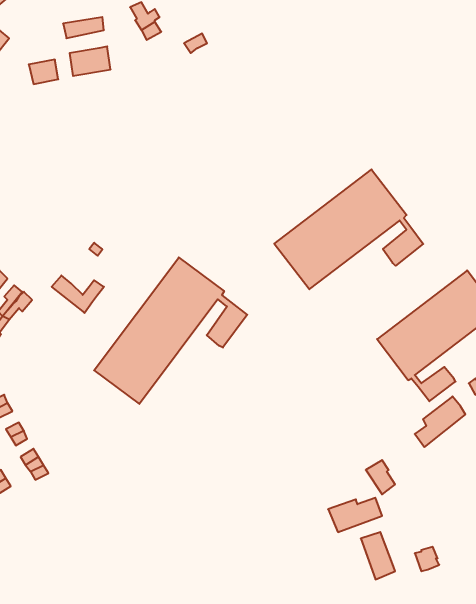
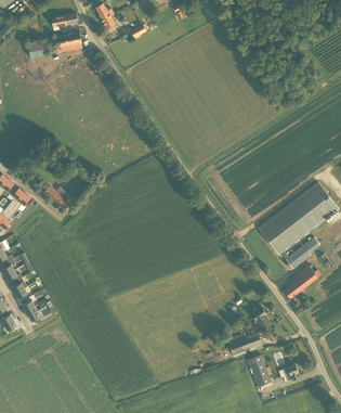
building: [274,169,423,289] -> none
building: [94,257,247,404] -> none

